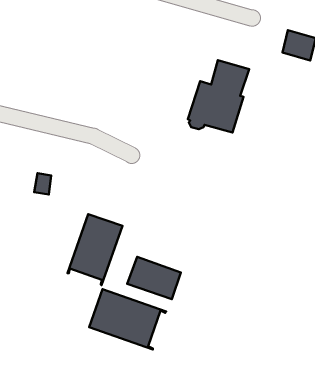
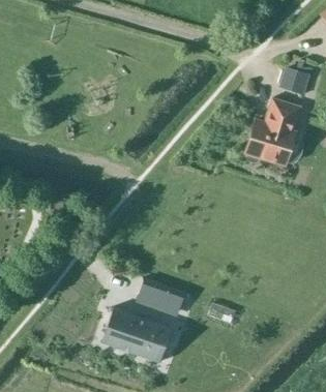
building: [188,60,249,133] -> [246,99,303,167]
building: [67,214,122,285] -> none

